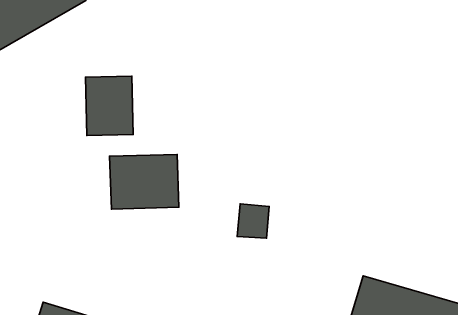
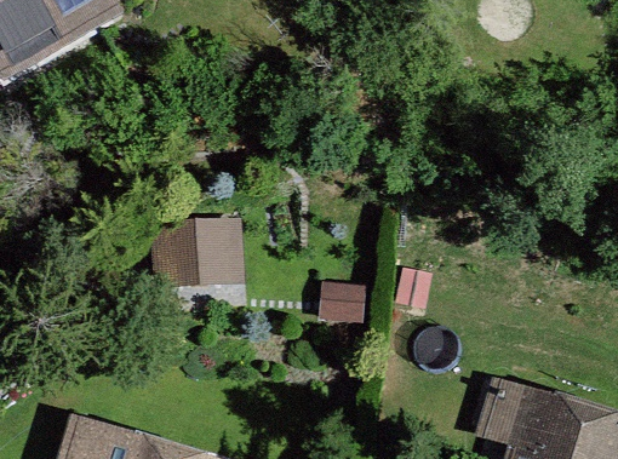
building: [85,76,133,135] -> none

